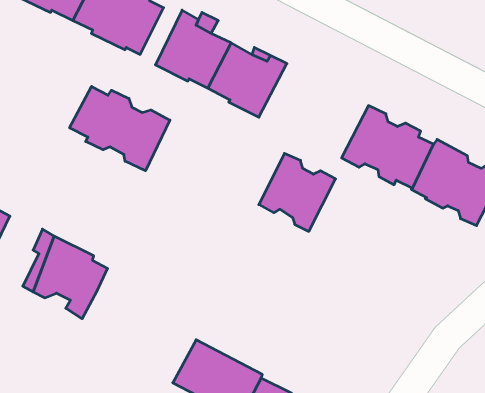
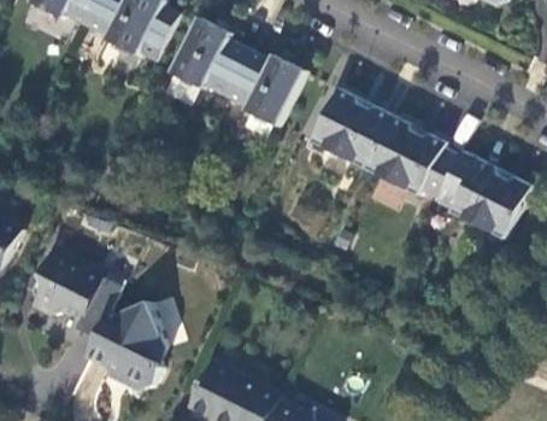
building: [70,86,170,171] -> none
building: [259,153,336,231] -> [311,88,390,169]
building: none -> [87,300,163,387]

